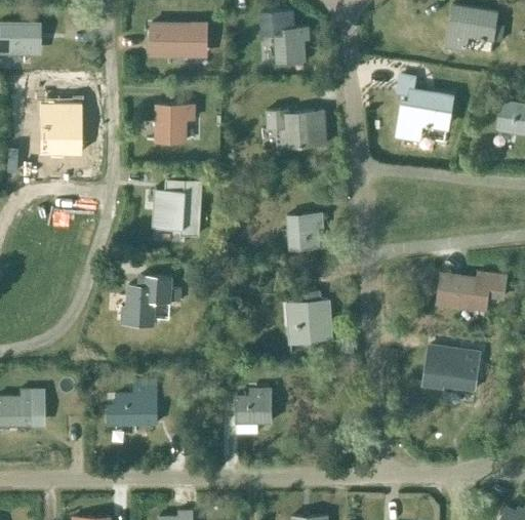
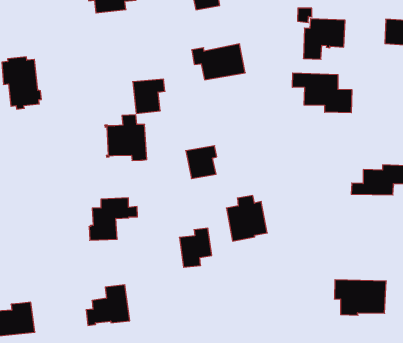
building: [156,105,193,143] -> [133,79,165,113]
building: none -> [292,73,352,113]
building: [286,214,322,250] -> [186,146,217,179]
building: [416,345,480,391] -> [334,280,386,315]
building: [235,390,271,433] -> [179,228,212,267]

